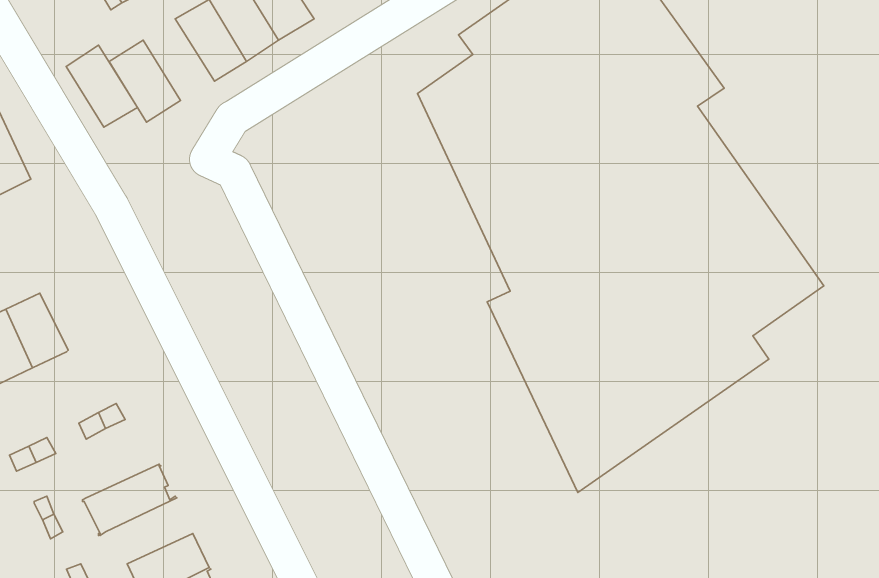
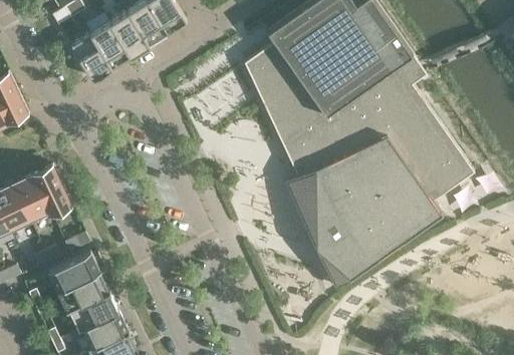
building: [66,45,138,127] -> [90,22,131,68]
building: none -> [32,166,71,215]
building: none -> [48,252,99,292]
building: none -> [69,292,118,331]

